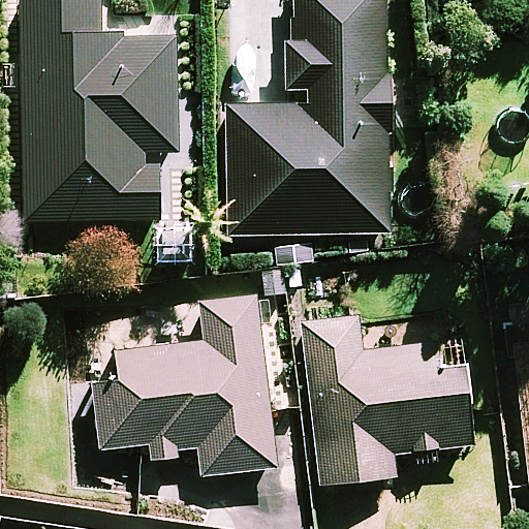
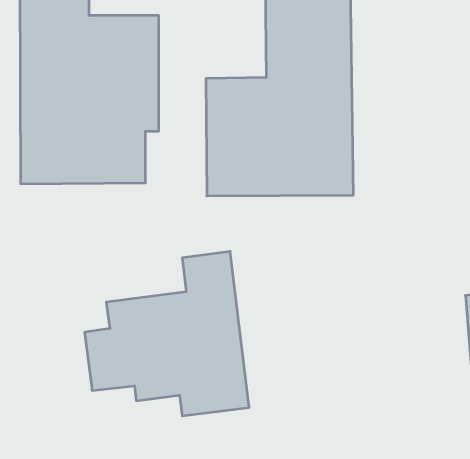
building: [305,318,472,484] -> none

